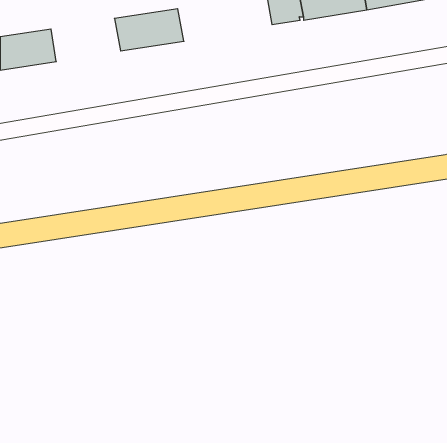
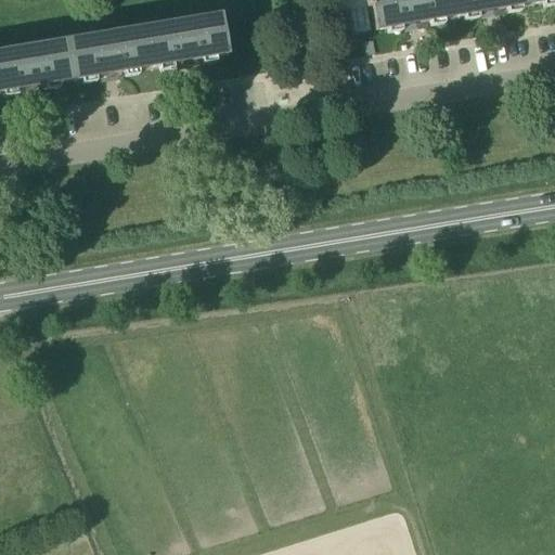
building: none -> [66,23,152,76]

